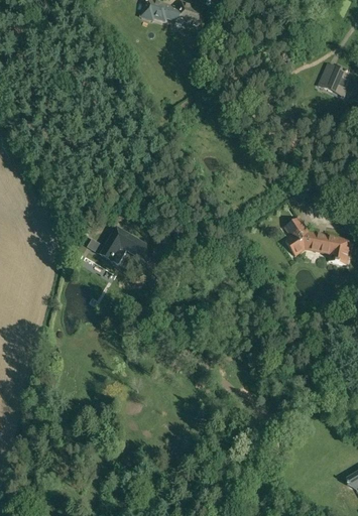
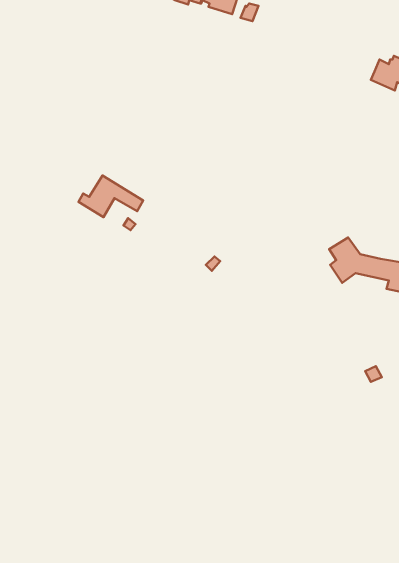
building: [96,230,150,265] -> [78,175,143,217]

